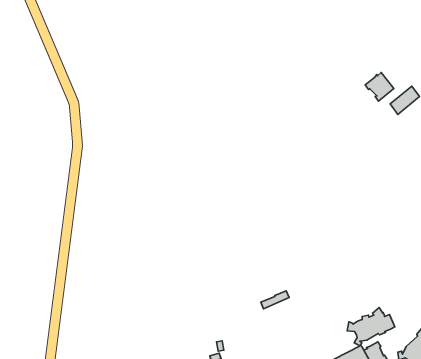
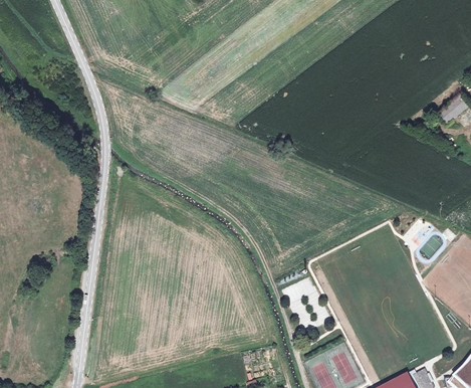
building: [365,73,394,101] -> none
building: [347,308,395,346] -> none

